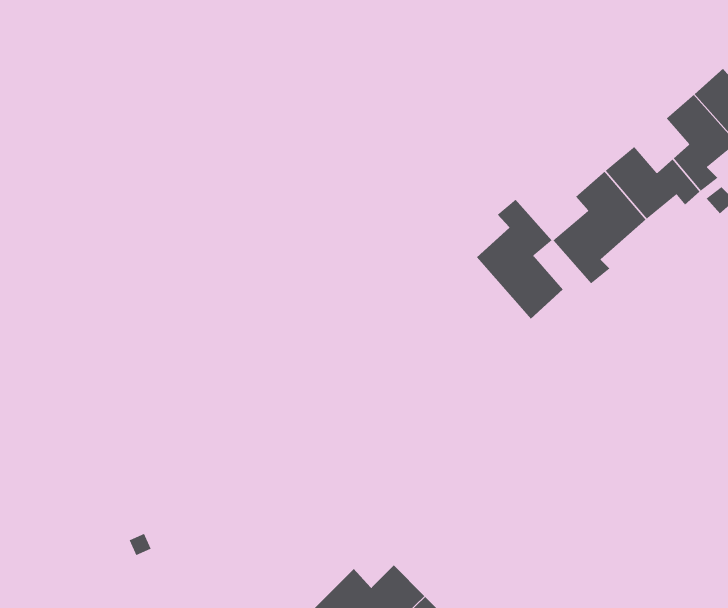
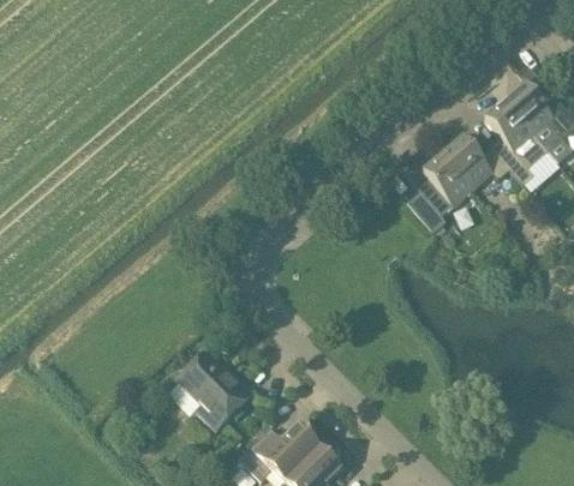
building: [476,199,563,319] -> none
building: none -> [178,353,253,428]

